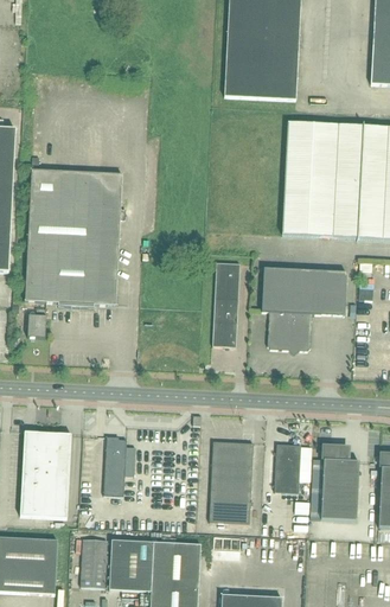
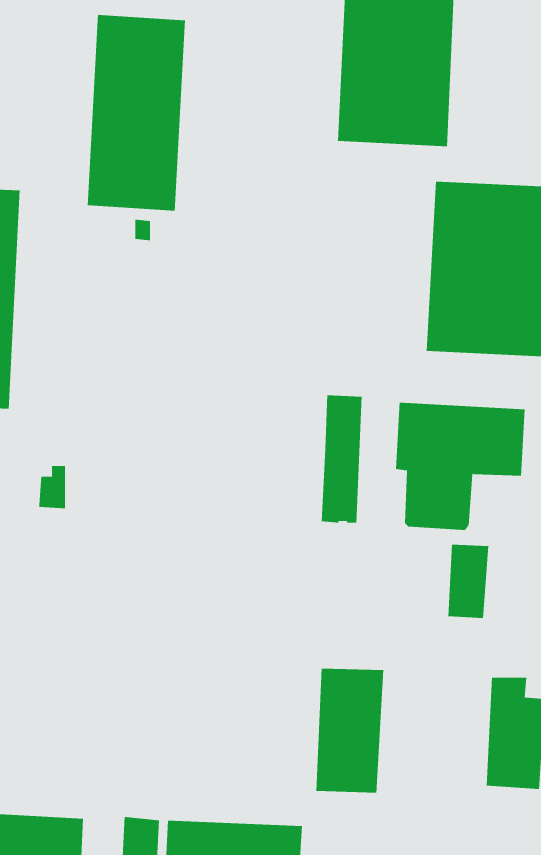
building: none -> [87,14,185,212]
building: [24,170,122,307] -> none
building: [20,432,71,518] -> none
building: [103,435,127,496] -> none
building: [274,443,301,492] -> [448,544,489,618]

